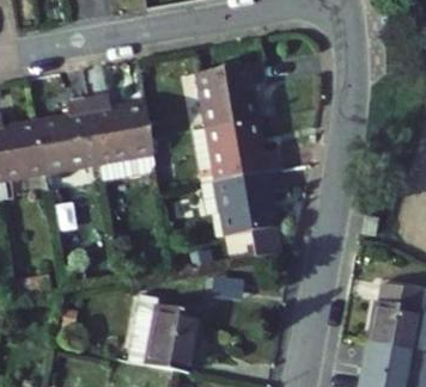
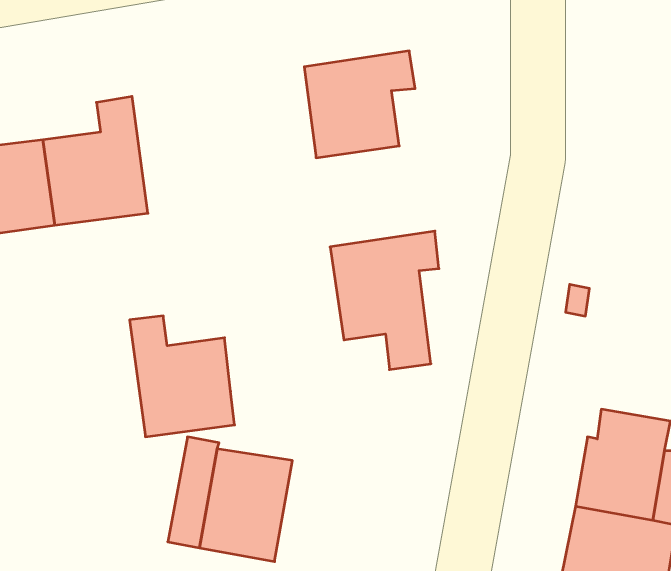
building: [93,88,157,161] -> [130,316,235,437]
building: [205,121,276,182] -> none

